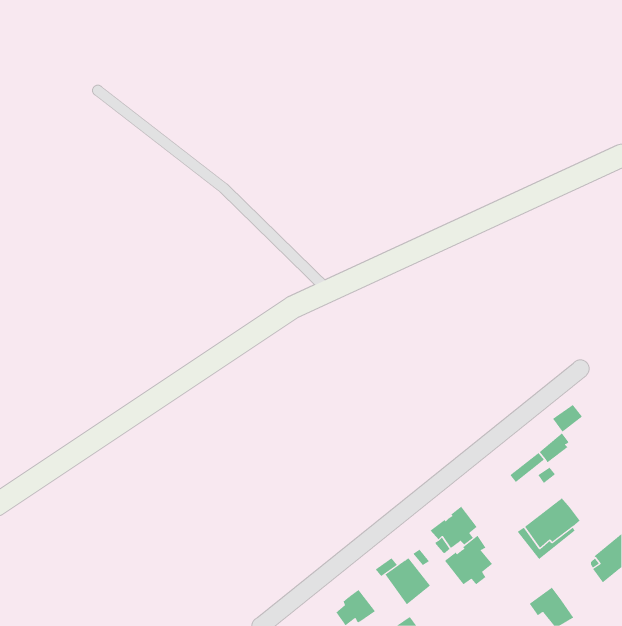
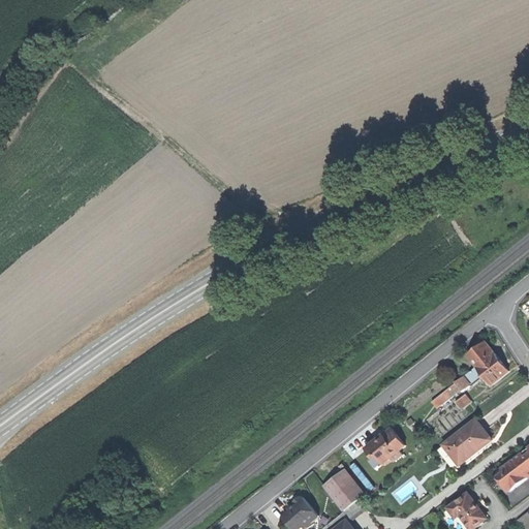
building: none -> [474,351,506,384]
building: [444,535,493,585] -> none

